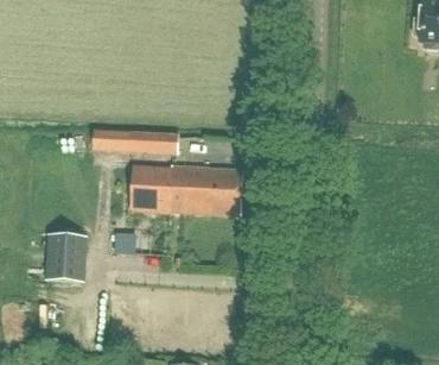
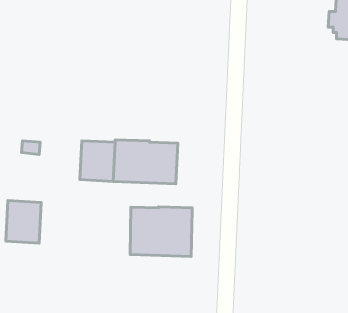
building: [93,130,176,151] -> none
building: none -> [130,207,192,257]

